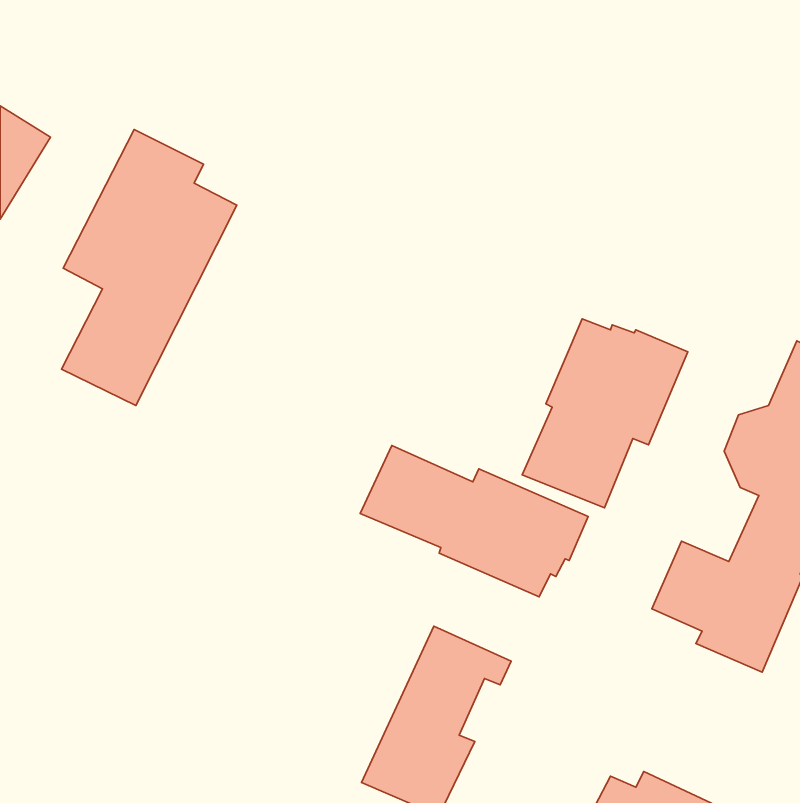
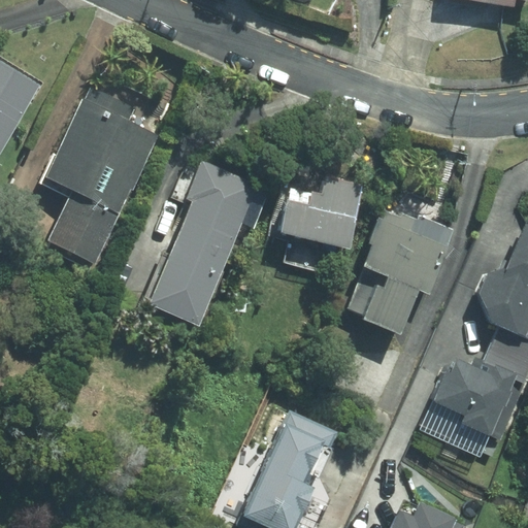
building: none -> [146,162,257,325]
building: none -> [279,176,363,249]
building: [360,446,588,597] -> none

